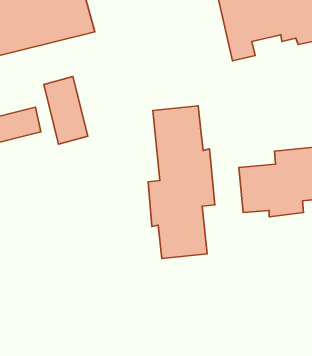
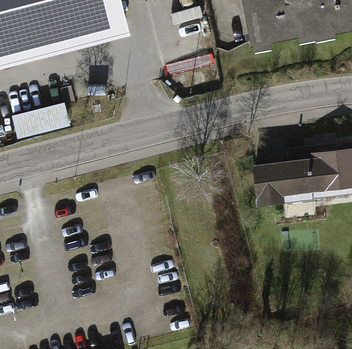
building: [44,76,88,144] -> none
building: [148,106,215,259] -> none

